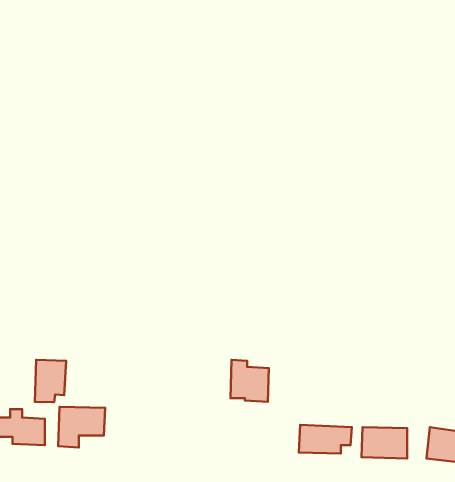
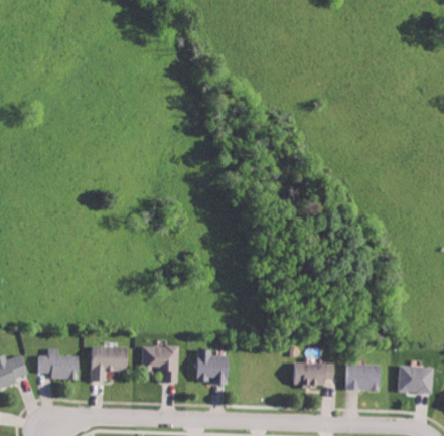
building: [230,360,269,402] -> [196,348,229,384]
building: [35,360,66,402] -> none
building: none -> [140,345,178,382]

